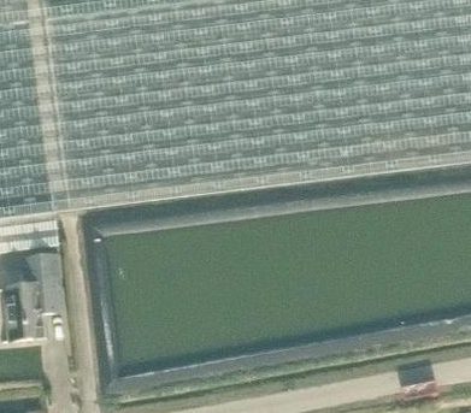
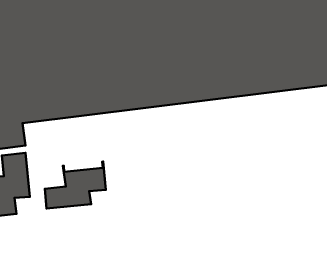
building: none -> [45,162,106,209]

